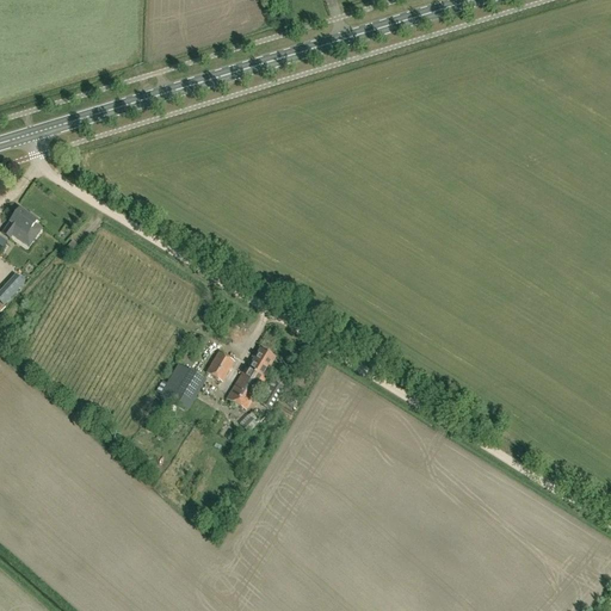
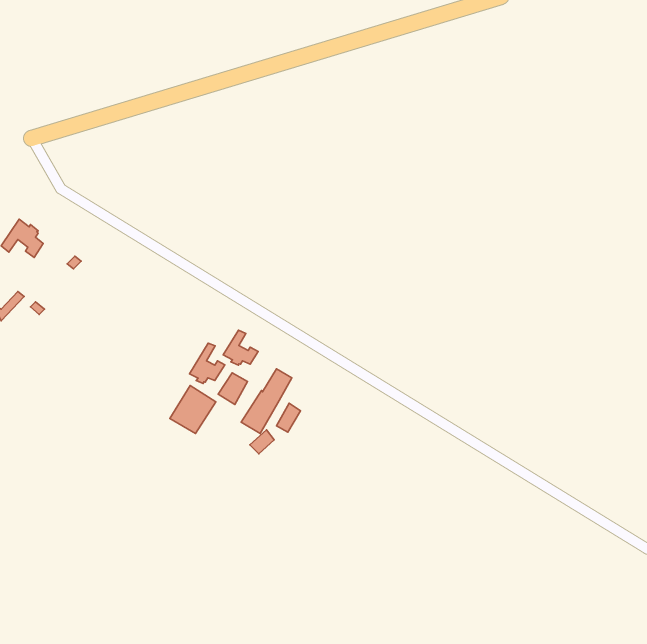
building: none -> [223,330,258,365]
building: none -> [189,343,225,384]

